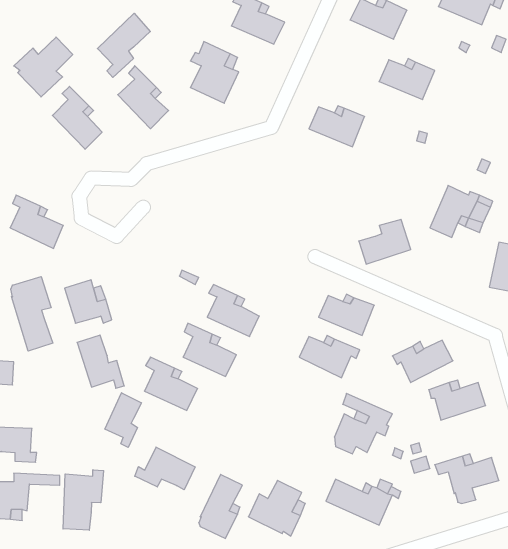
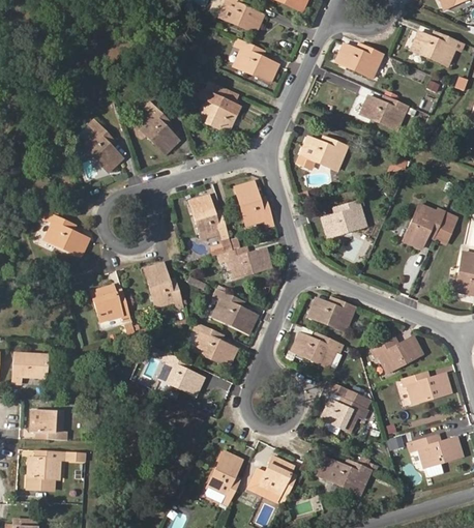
building: [97,13,150,77] -> none
building: [14,37,73,97] -> none
building: none -> [234,181,273,227]
building: none -> [188,196,231,247]
building: [359,219,411,264] -> [321,200,365,238]
building: none -> [217,247,270,278]
building: [11,277,53,351] -> none
building: [77,335,124,388] -> [143,263,183,309]
building: [105,393,141,447] -> none
building: [135,447,195,490] -> none
building: [63,470,104,530] -> none

